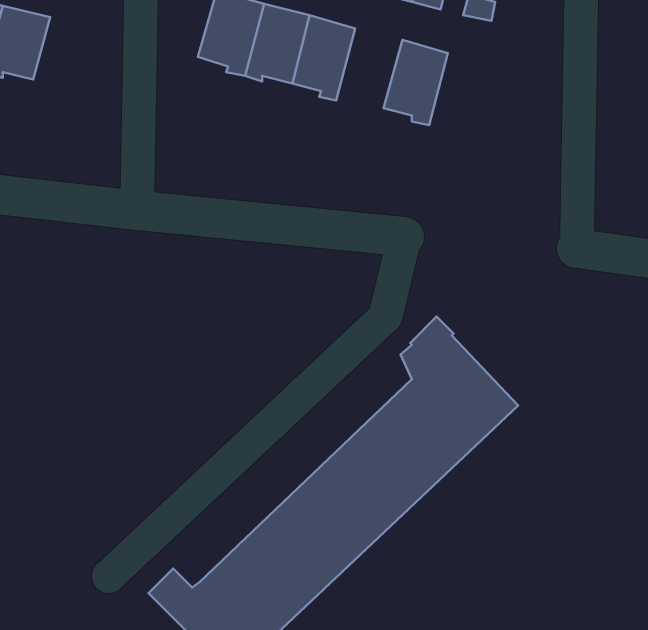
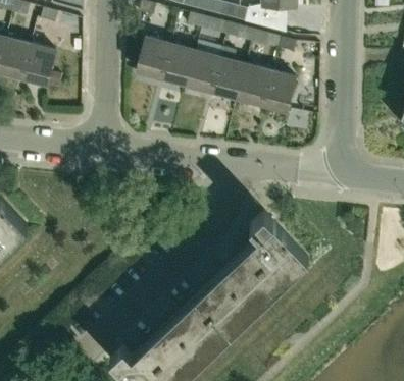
building: none -> [210,47,246,98]
building: none -> [260,68,296,111]

